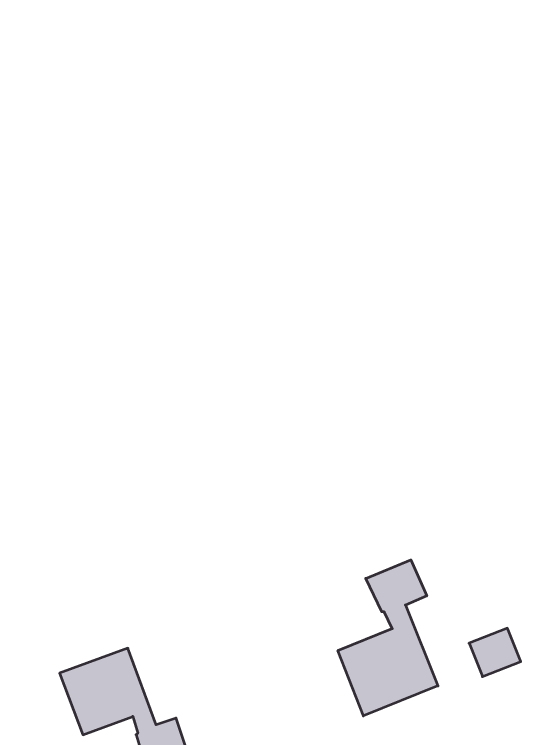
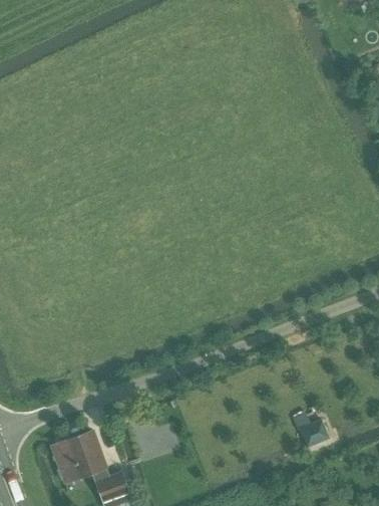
building: [338,560,438,716] -> none

